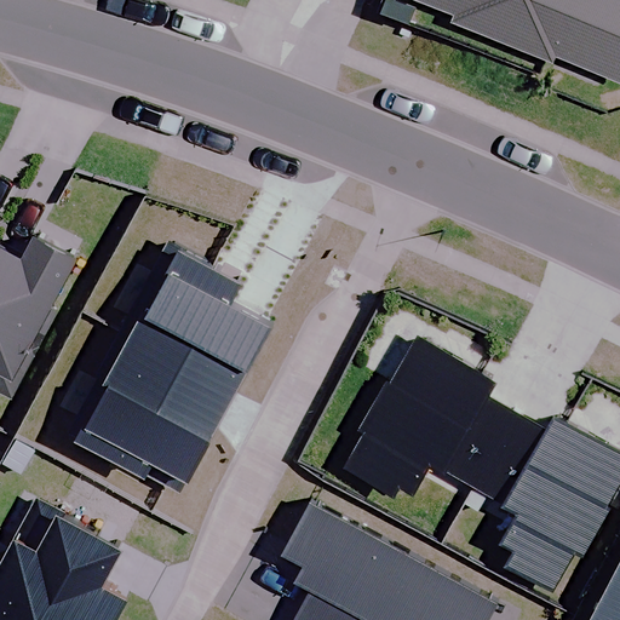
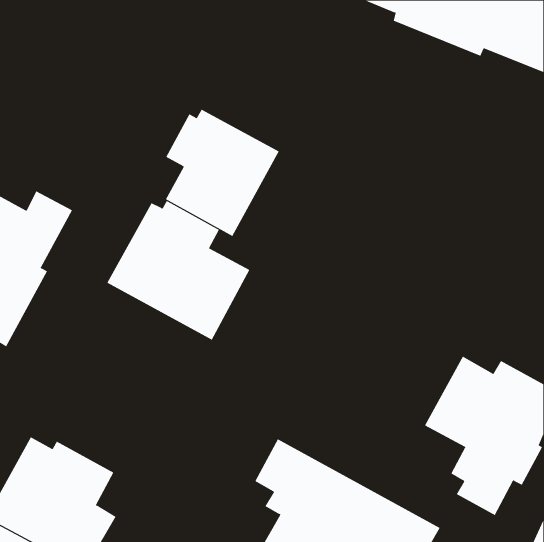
building: none -> [165,109,280,237]
building: [63,331,236,492] -> none
building: [344,335,515,494] -> none

